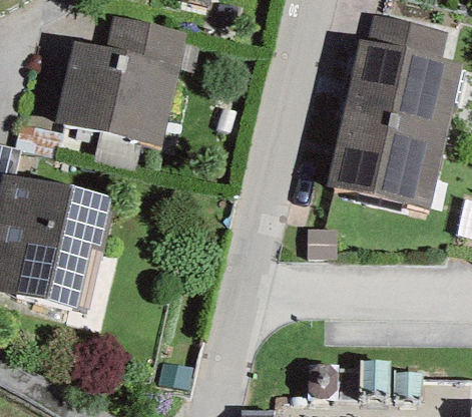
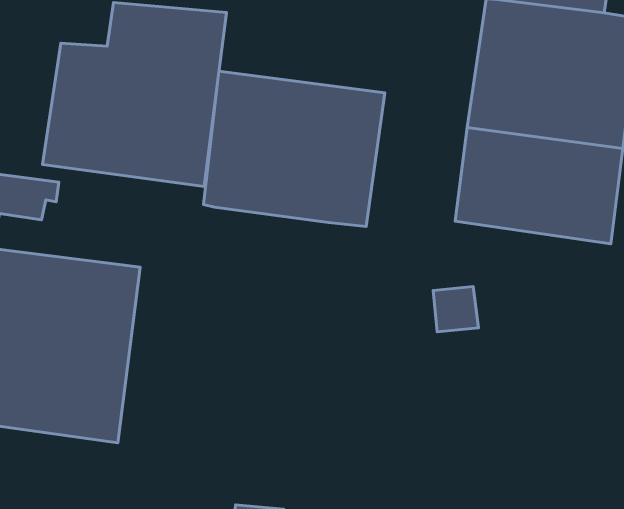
building: none -> [204,71,385,226]

